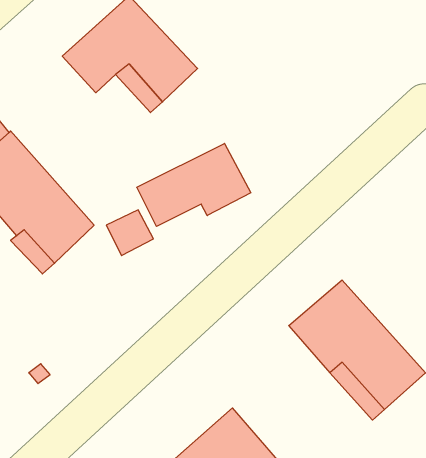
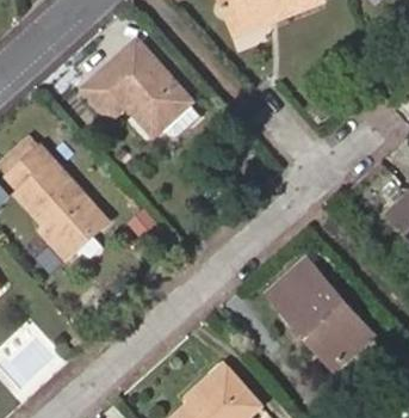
building: [137,143,251,226] -> none

